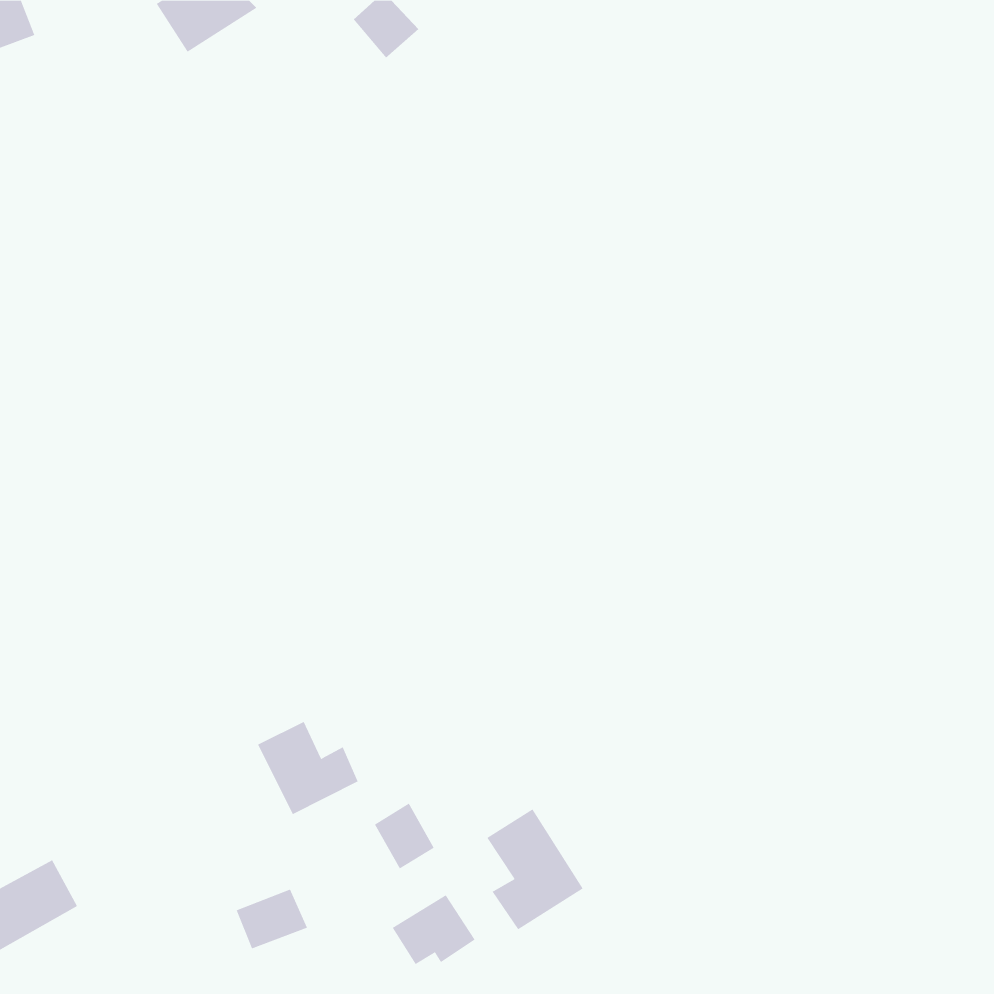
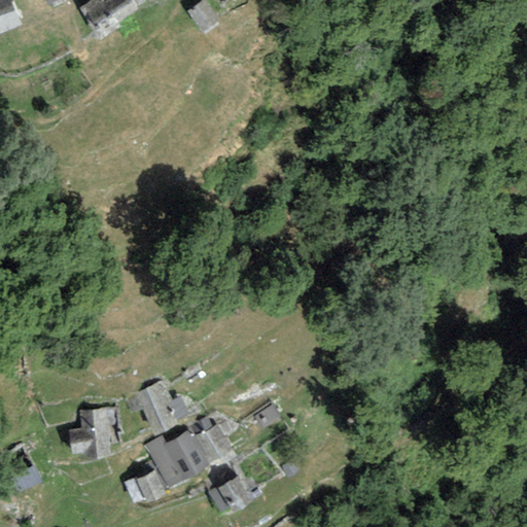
building: none -> [68,409,118,457]
building: [487,808,583,930] -> none
building: none -> [145,430,208,486]

